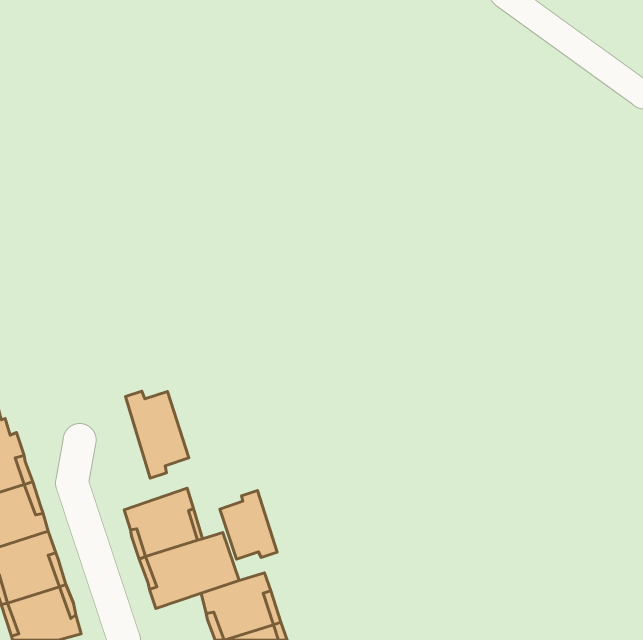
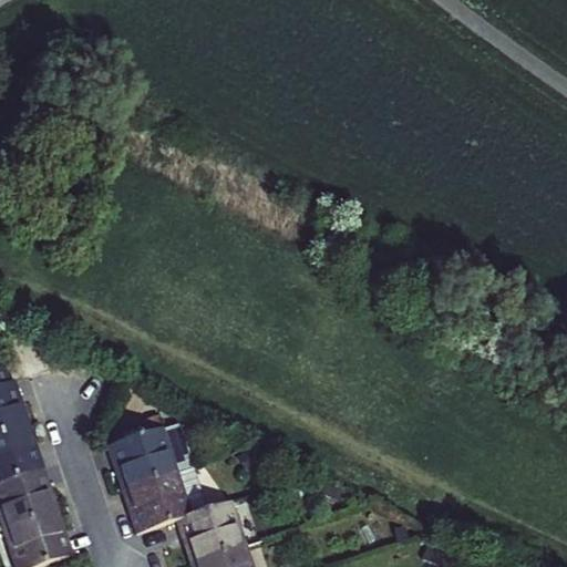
building: [125,391,189,478] -> none
building: [220,491,277,559] -> none

